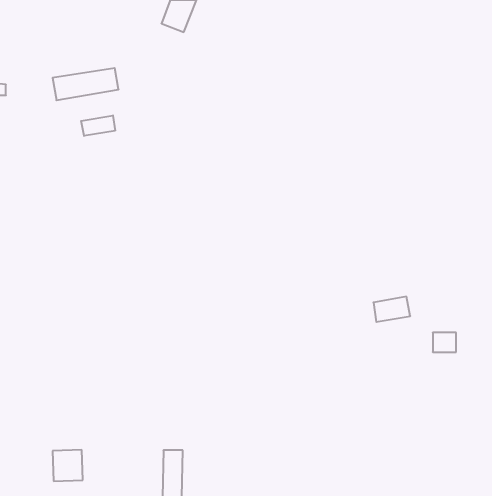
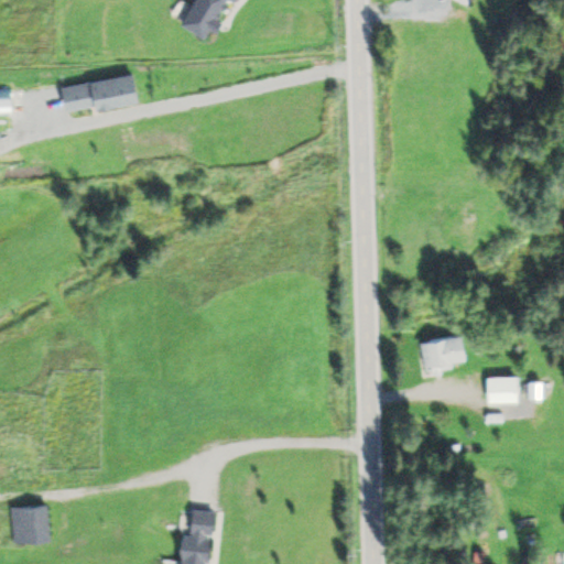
building: [81,115,115,136] -> none
building: [53,450,83,481] -> [17,506,51,541]

